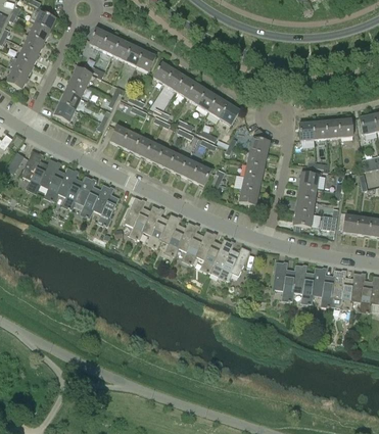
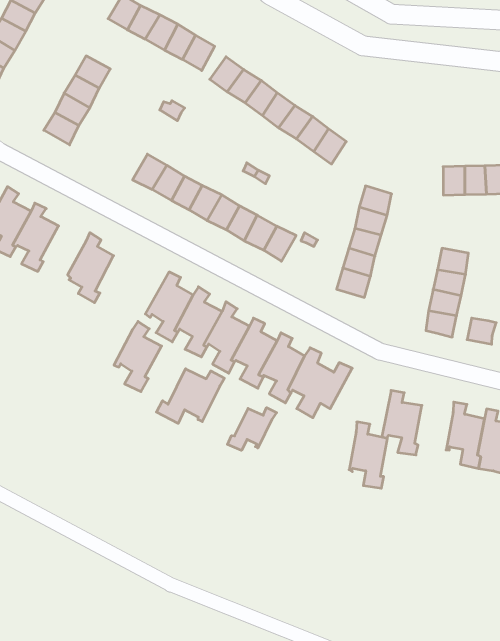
building: [55,166,83,209] -> none
building: [90,183,119,226] -> [114,321,162,392]
building: none -> [156,369,224,423]
building: [291,263,314,303] -> [349,422,387,488]
building: none -> [227,408,277,450]

